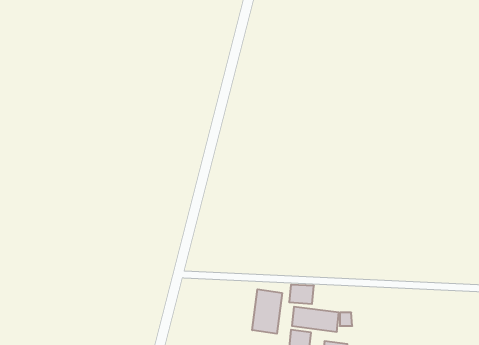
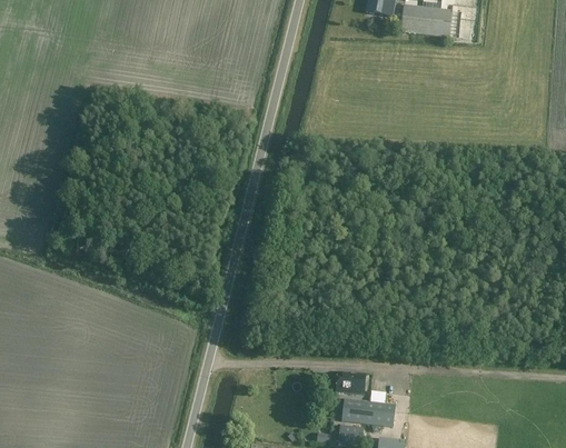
building: [252,289,282,334] -> none

